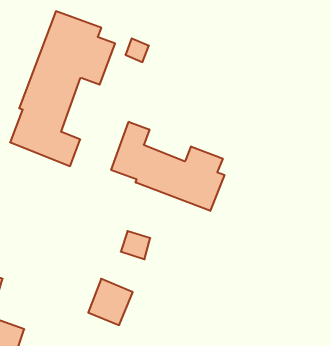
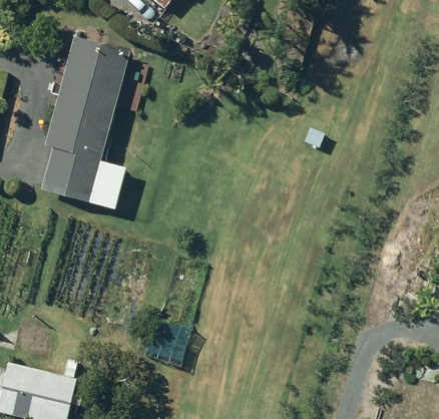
building: [111,122,224,211] -> none

